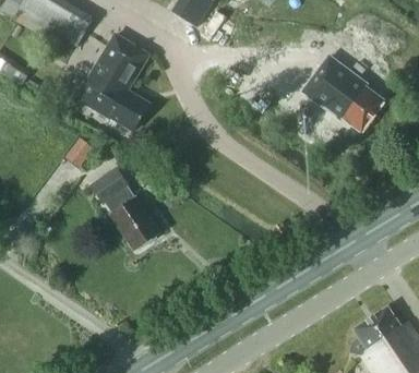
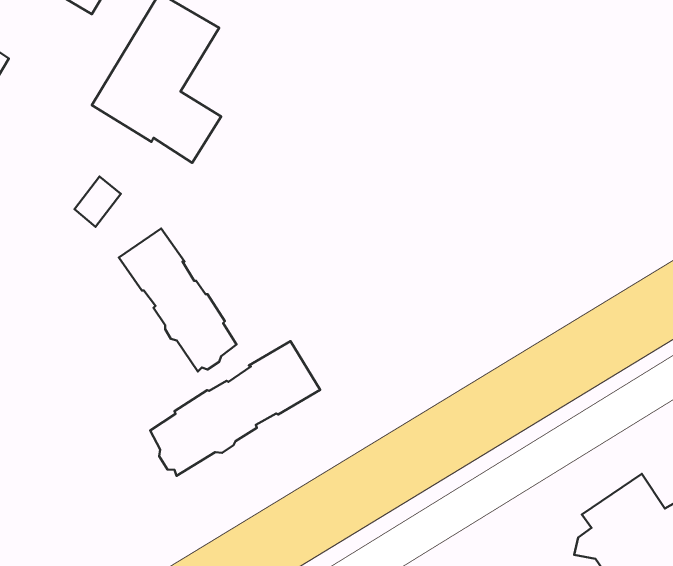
building: [300,52,385,133] -> none
building: none -> [150,341,320,476]

